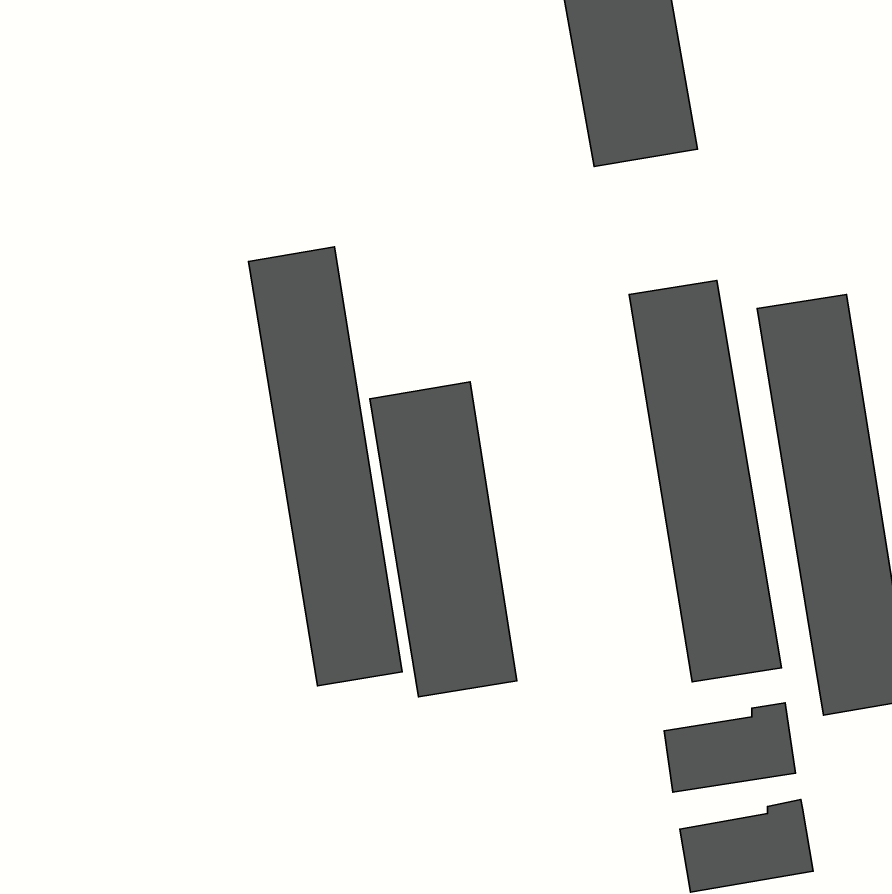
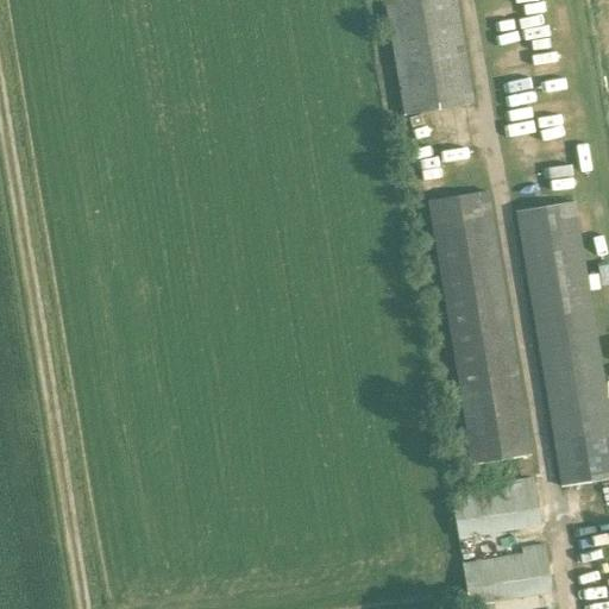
building: [248,247,402,686] -> none
building: [370,382,517,697] -> none

